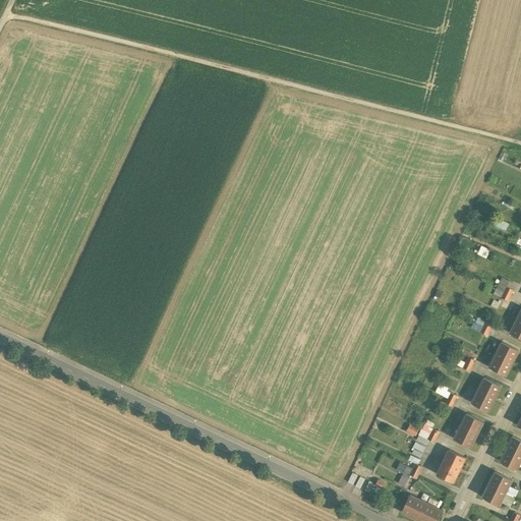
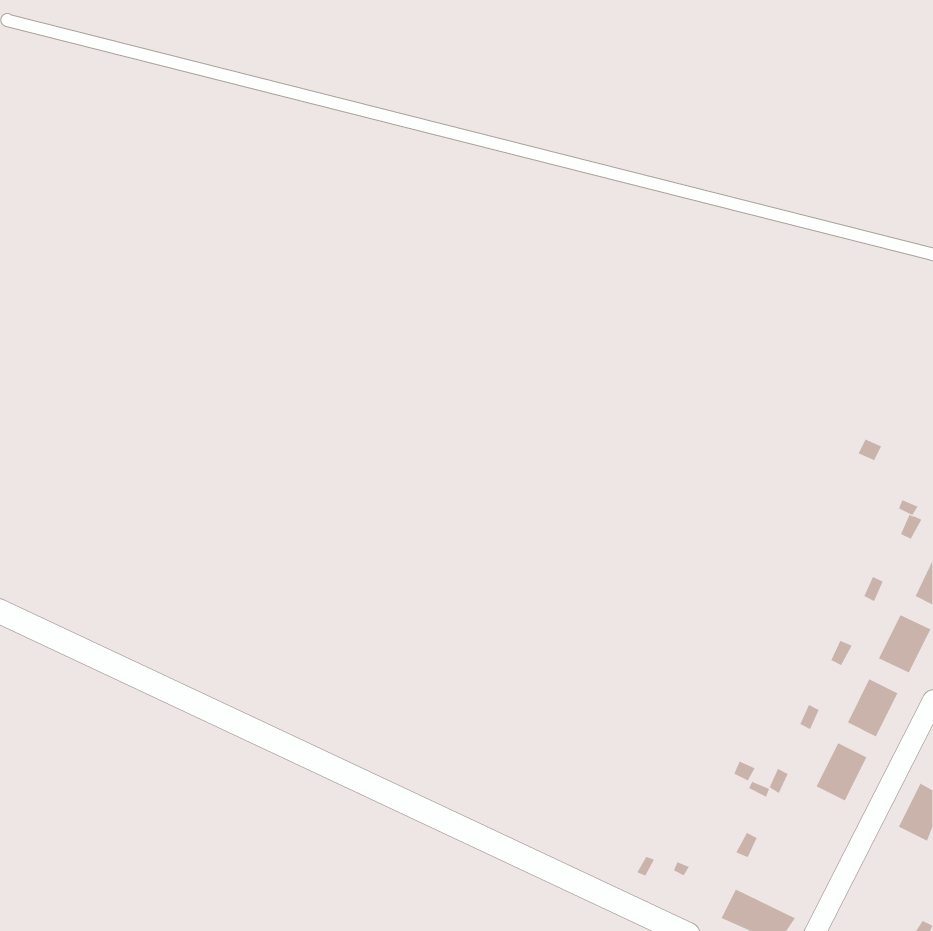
building: [436,451,465,483] -> none
building: [481,473,511,507] -> none

